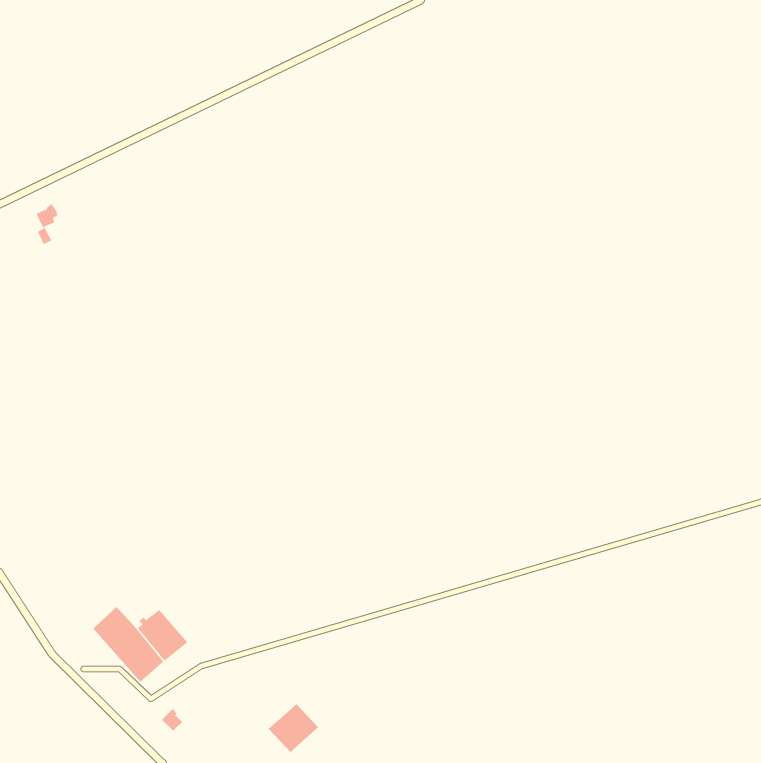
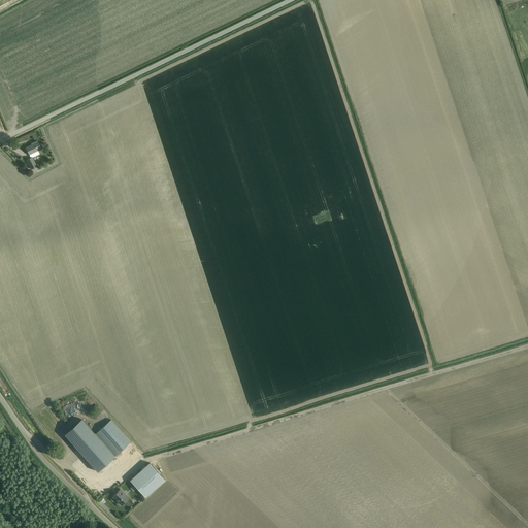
building: [268,703,319,753] -> [129,463,164,497]

